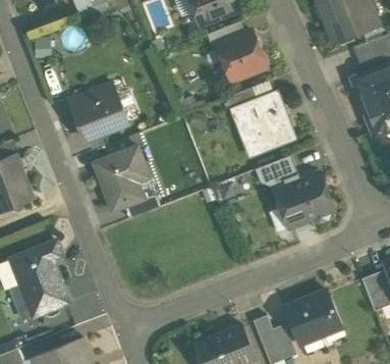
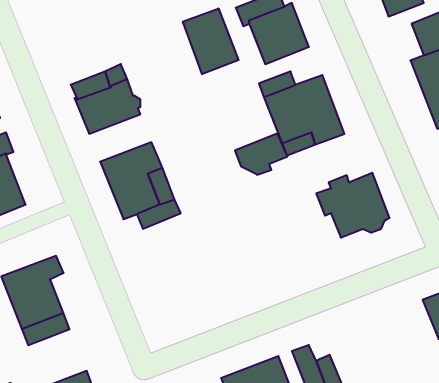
building: none -> [183,8,239,74]
building: [255,155,298,190] -> [235,133,287,175]
building: [289,291,343,344] -> none

